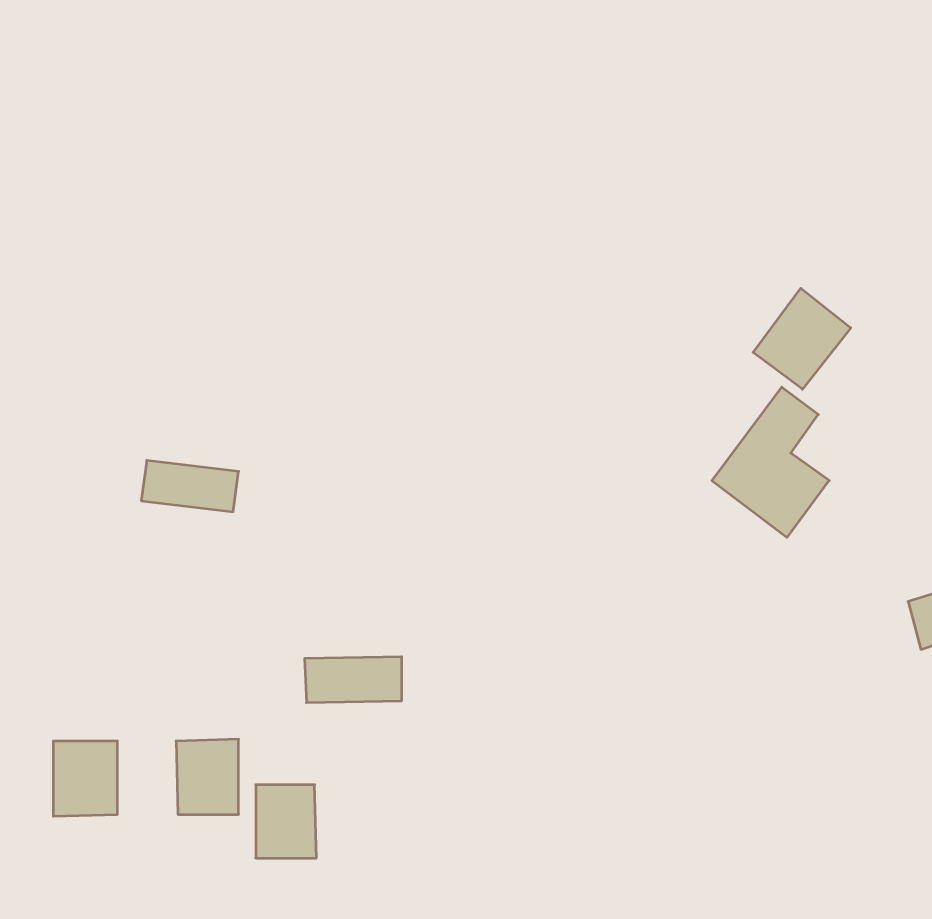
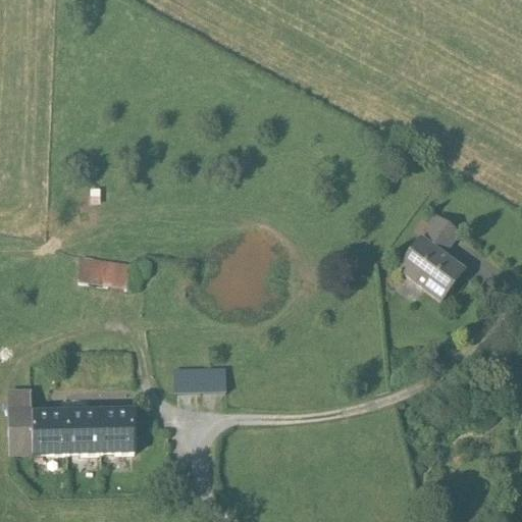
building: [753,288,851,389] -> none
building: none -> [9,386,33,454]
building: [256,785,316,858] -> [68,412,102,453]

